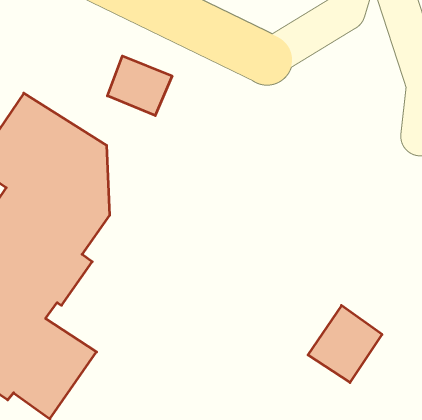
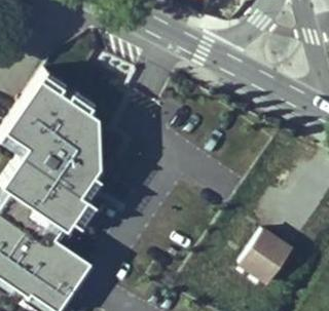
building: [107,56,172,116] -> none

